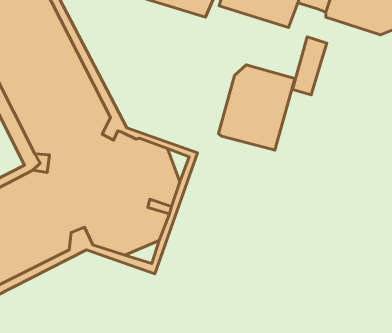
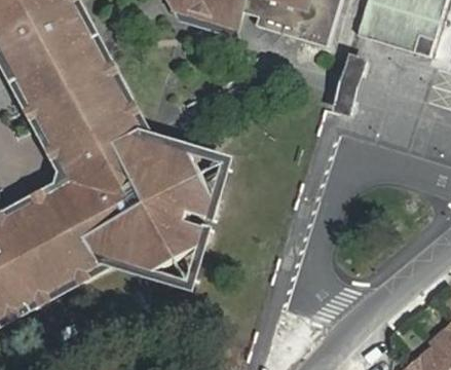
building: [218,65,295,150] -> none

